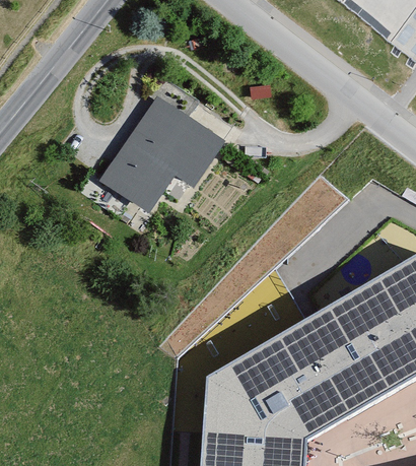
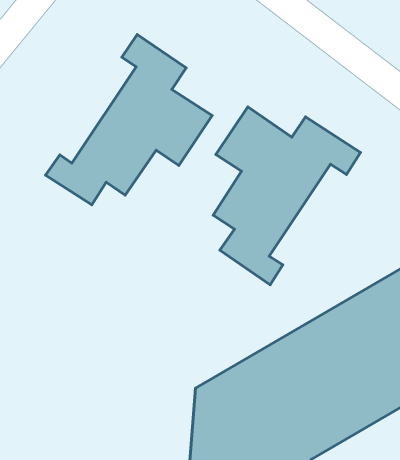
building: none -> [213,107,361,285]

